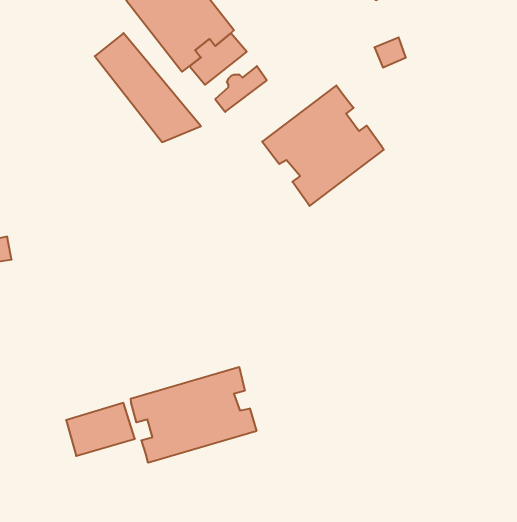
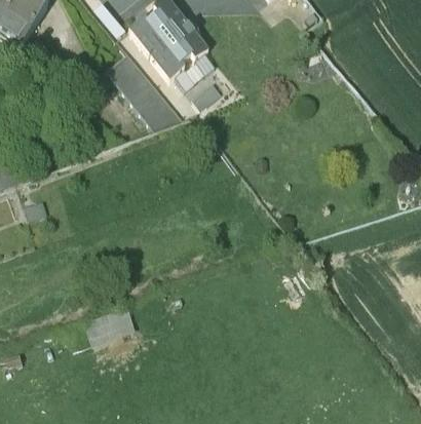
building: [262,85,384,206] -> none
building: [131,367,256,463] -> none

